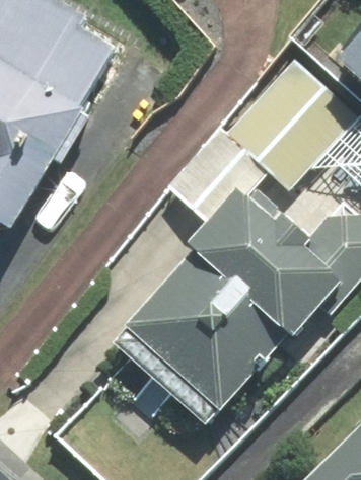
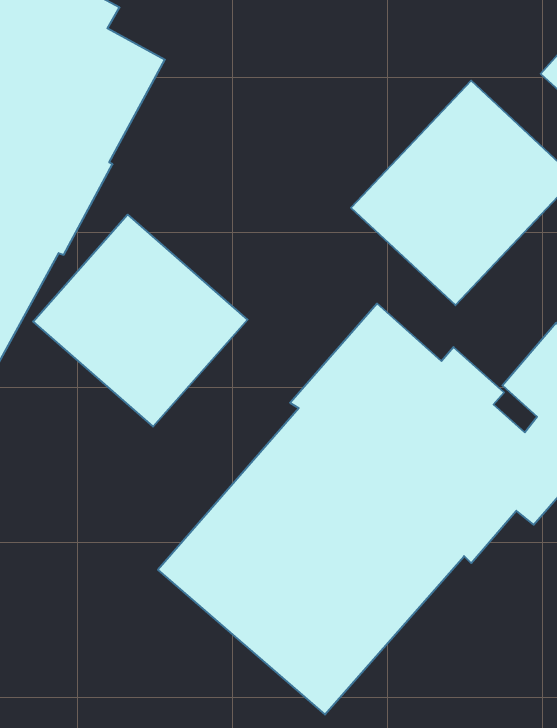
building: none -> [33,215,248,427]

